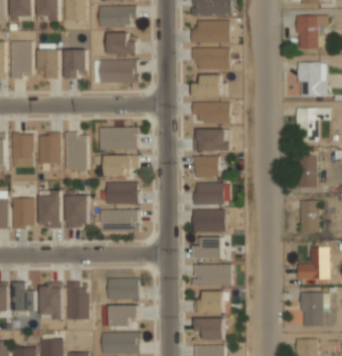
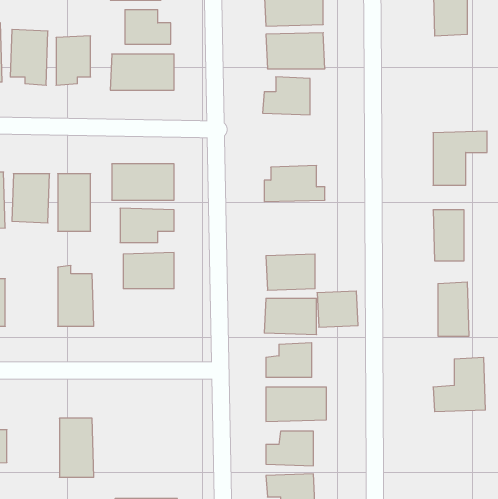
building: [298,62,326,98] -> none
building: [191,102,229,123] -> none
building: [193,156,218,178] -> [317,291,358,327]
building: [38,190,60,227] -> none
building: [100,210,138,232] -> none
building: [107,279,138,300] -> none
building: [39,283,61,320] -> none
building: [301,292,326,327] -> none
building: [110,306,138,327] -> none

